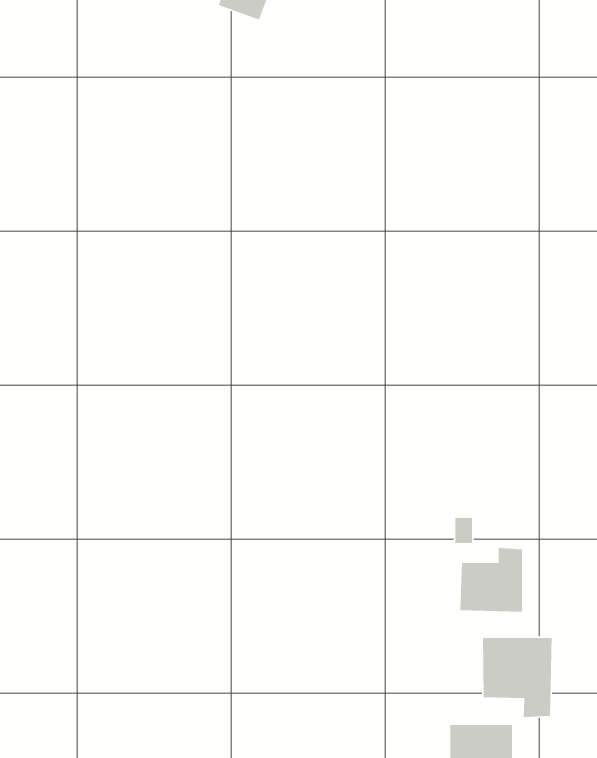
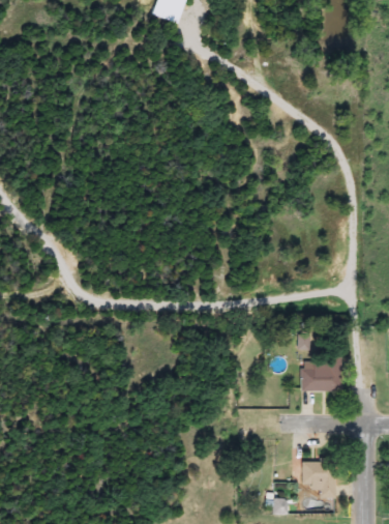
building: [482,637,553,718] -> none

